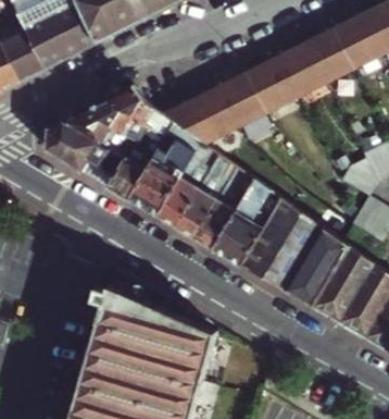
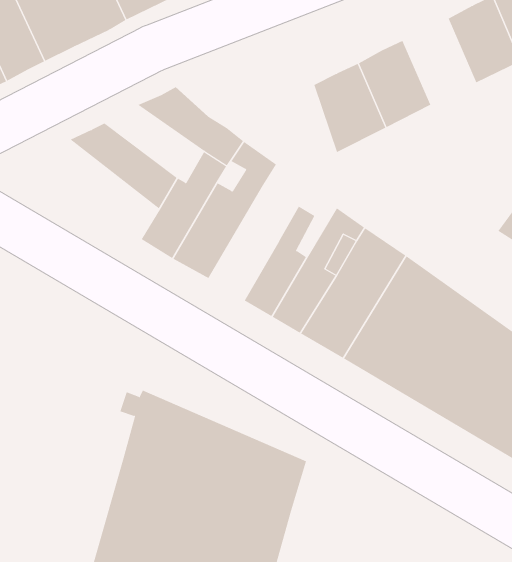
building: [277,40,325,97] -> none
building: [162,84,234,144] -> none
building: [81,97,147,148] -> none
building: [45,120,117,185] -> none
building: [150,150,197,225] -> none

